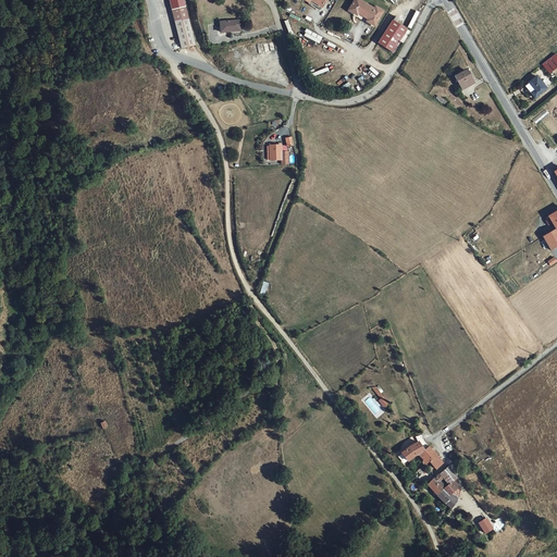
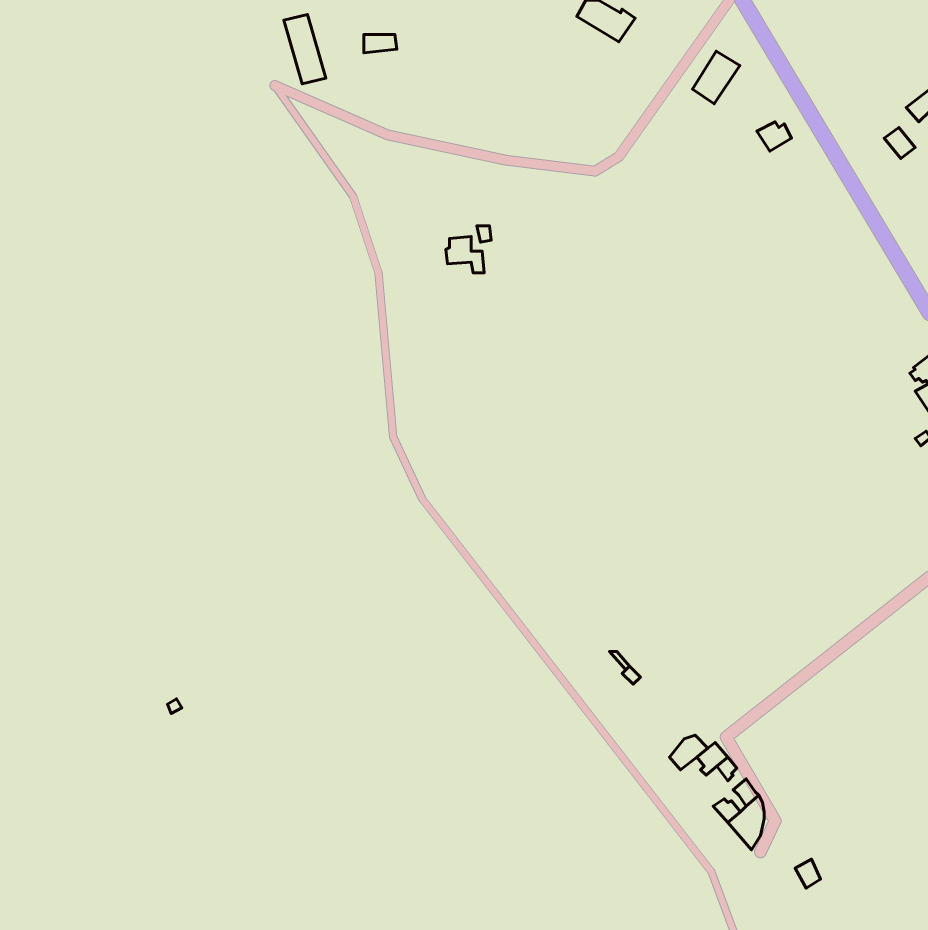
building: [375,20,404,51] -> [692,51,740,104]

